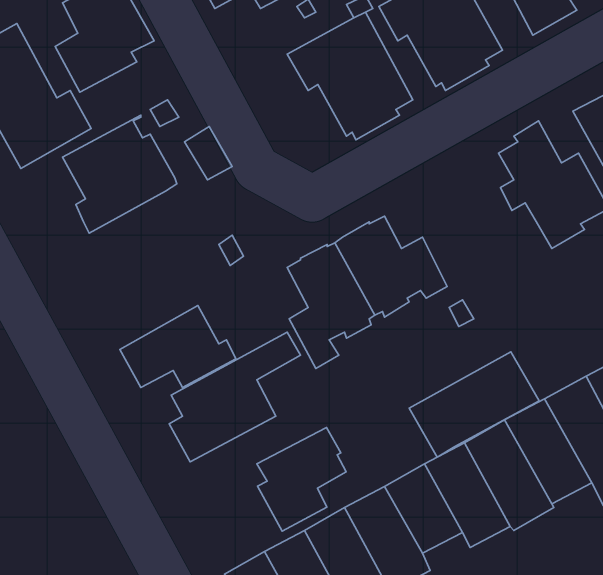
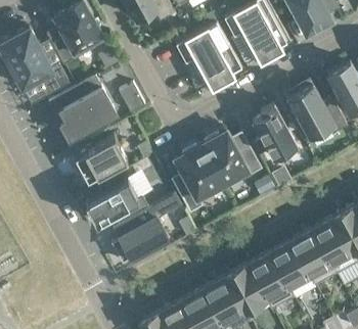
building: none -> [252,104,296,159]
building: none -> [74,136,126,182]
building: [409,352,539,457] -> none
building: [257,427,346,531] -> none

